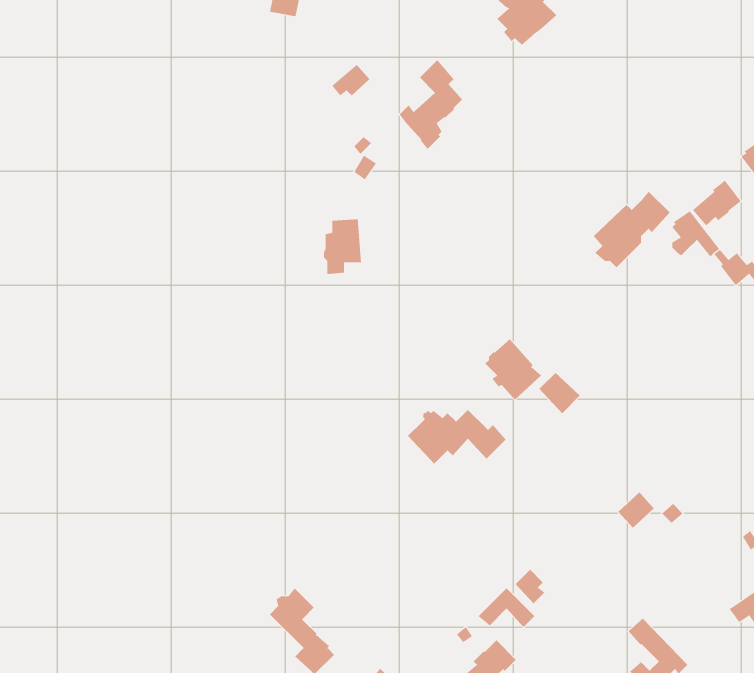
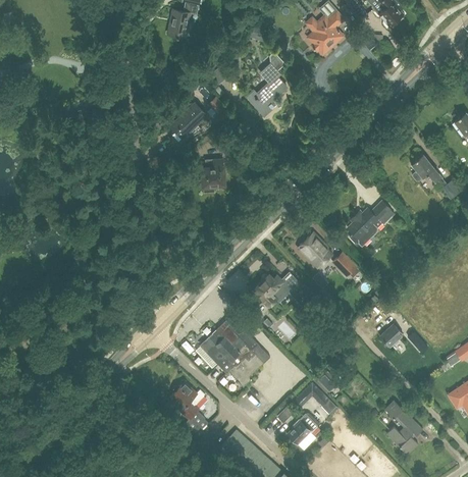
building: none -> [170,102,207,139]
building: [692,180,742,226] -> none
building: [593,191,670,268] -> [348,200,395,247]
building: none -> [189,315,269,386]

